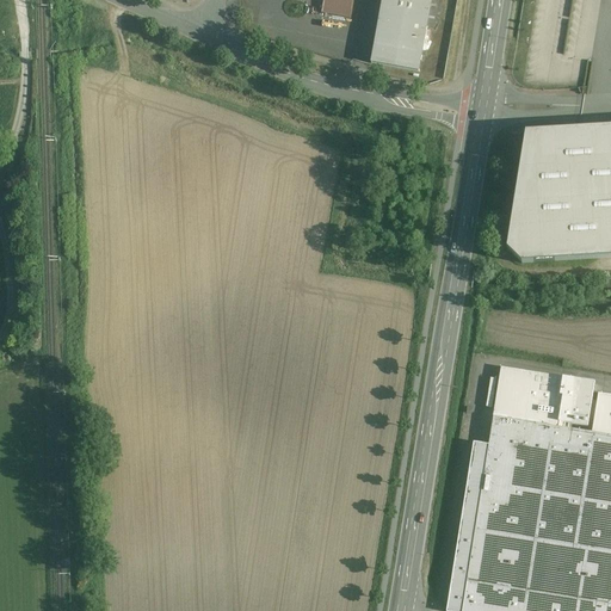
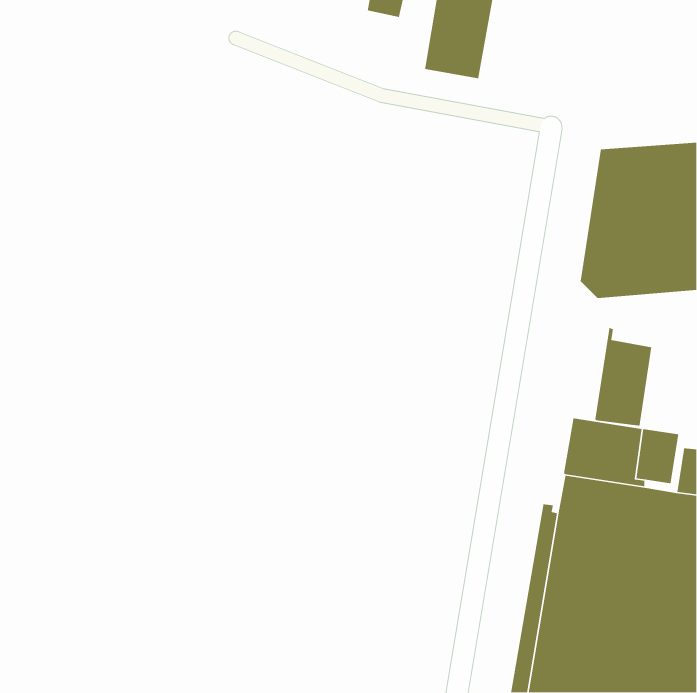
building: none -> [595,327,652,427]

